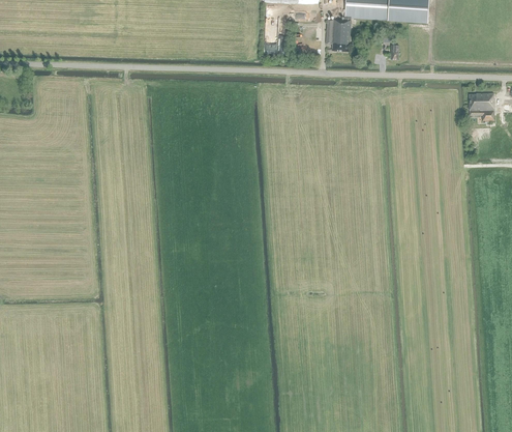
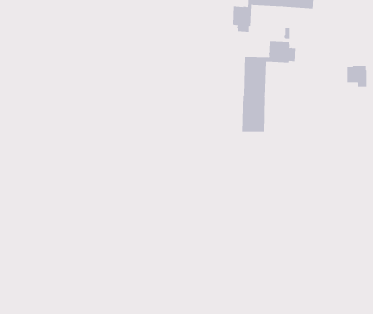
building: none -> [242,41,296,133]

